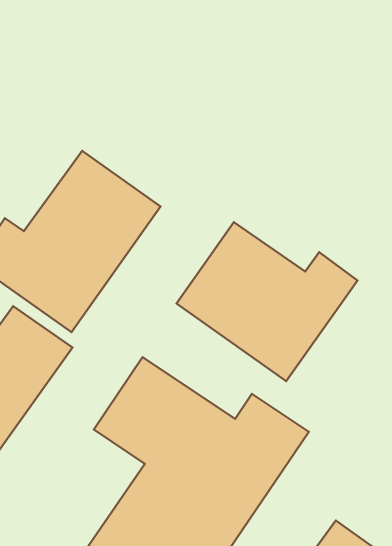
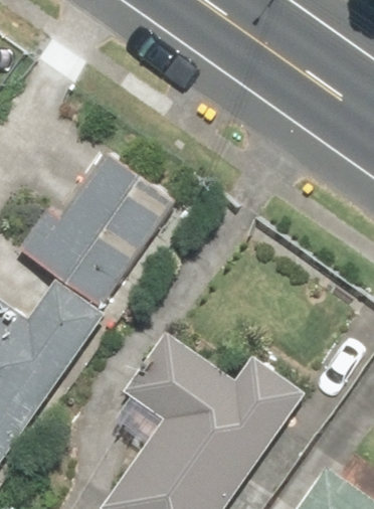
building: [177,222,358,381] -> none

